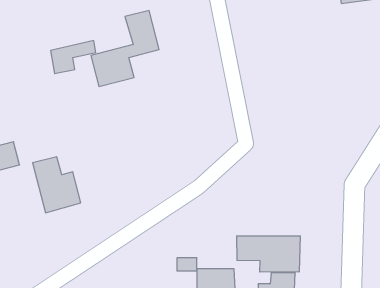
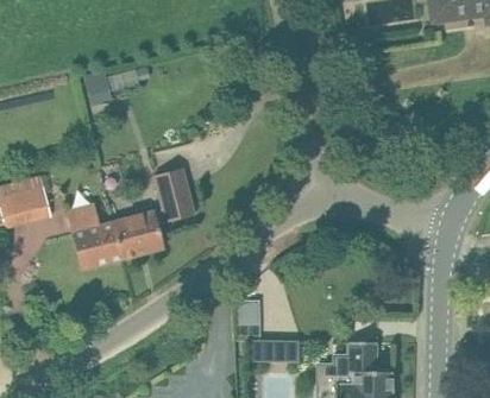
building: [91,11,159,87] -> [113,168,194,258]
building: [237,236,300,272] -> none

